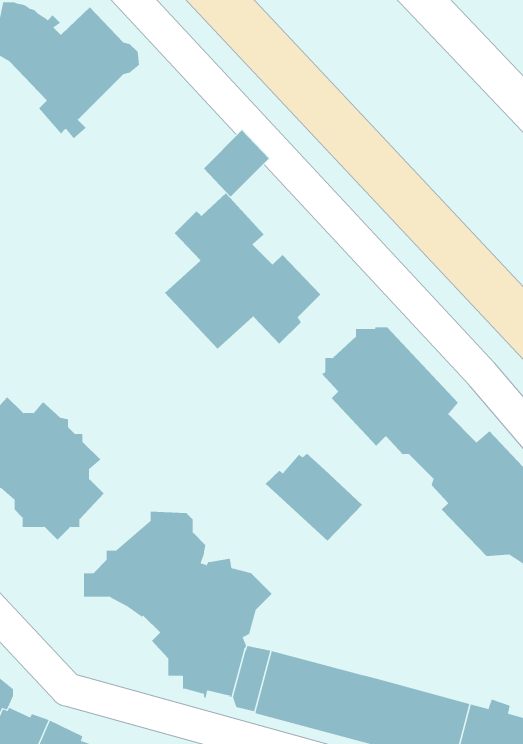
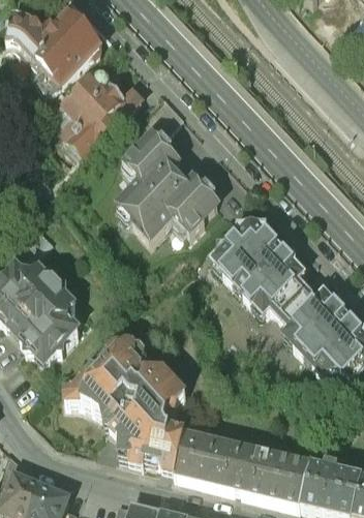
building: none -> [54,71,142,159]
building: [265,453,363,541] -> none

